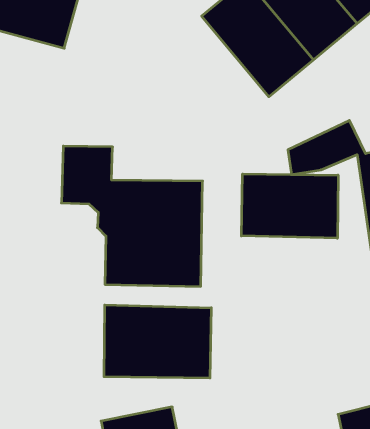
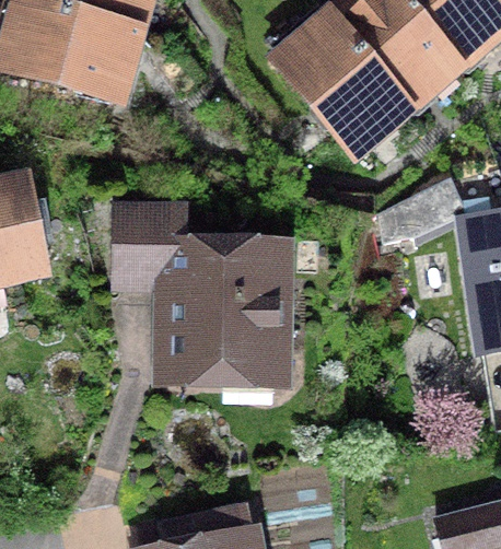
building: [241,174,338,238] -> none
building: [104,305,211,378] -> none

